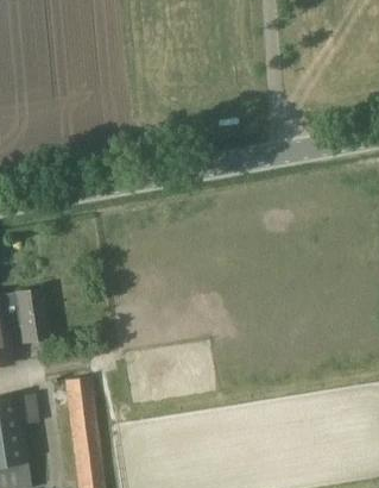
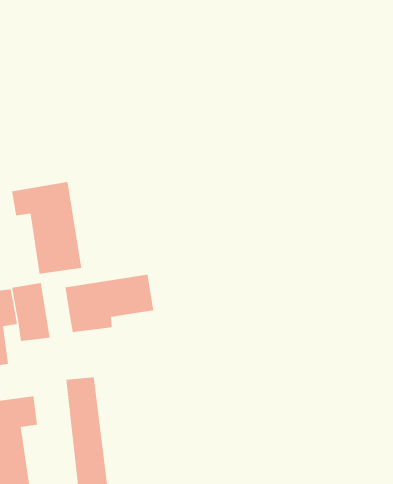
building: none -> [12,181,82,275]
building: none -> [65,274,154,333]

